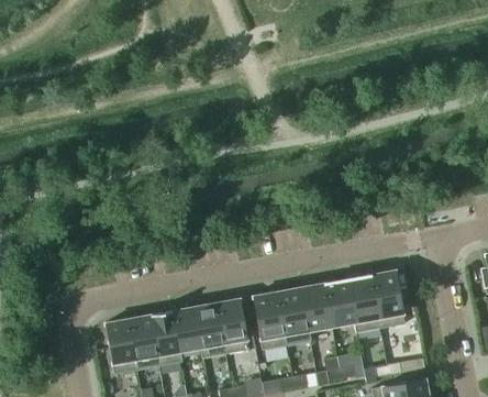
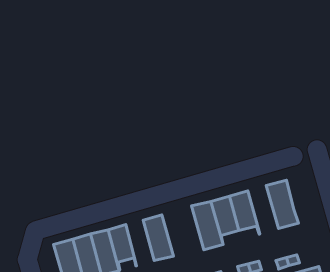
building: [347,275,380,333] -> none
building: [253,291,287,351] -> none
building: [195,304,225,359] -> none

